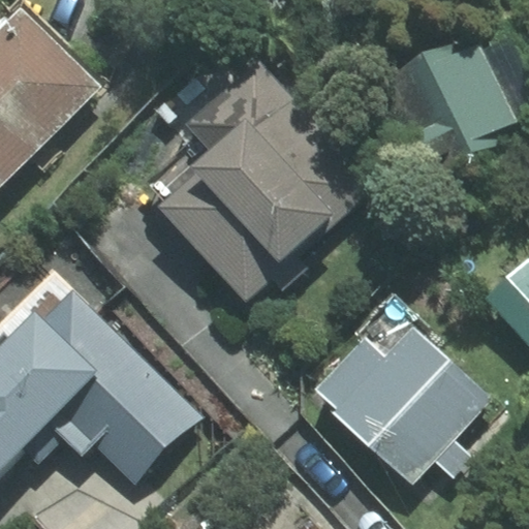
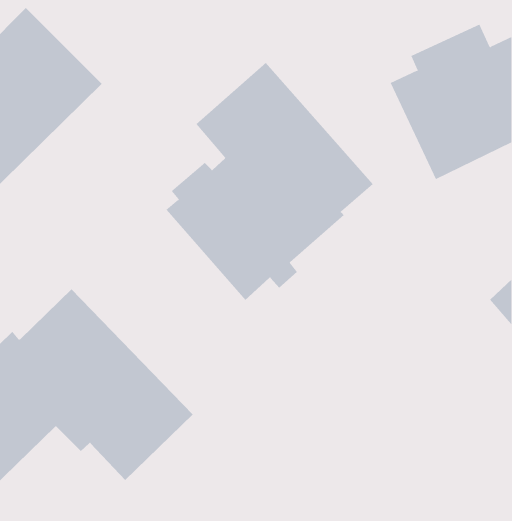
building: [311,328,491,484] -> none

